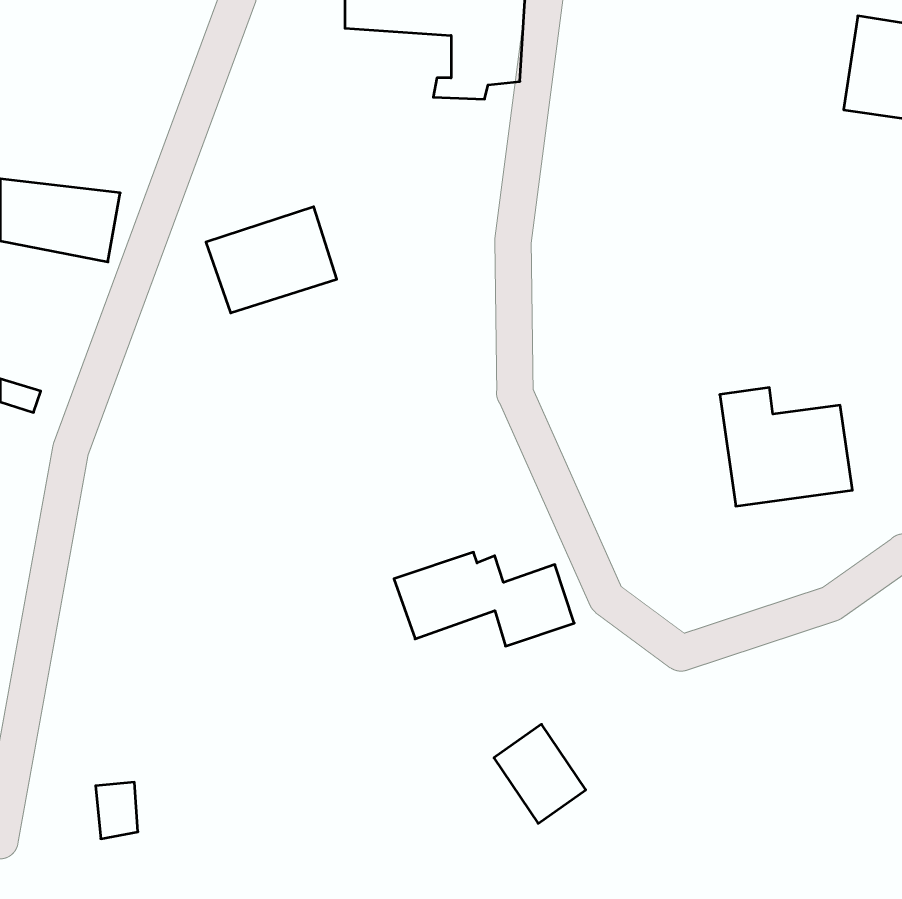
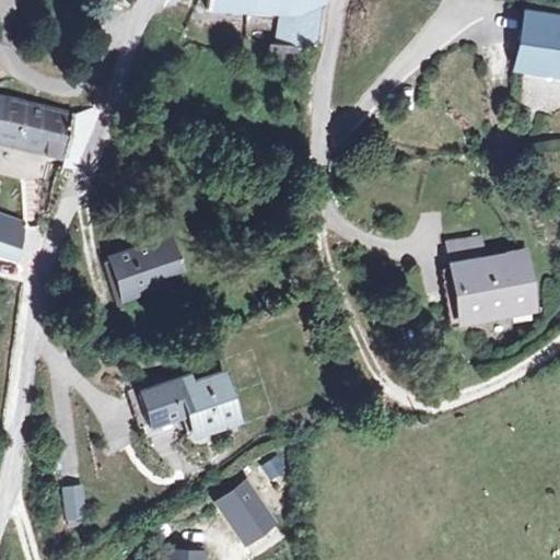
building: [206,207,337,313] -> [106,235,187,301]
building: [394,552,574,646] -> [132,375,244,433]
building: [494,724,586,823] -> [215,478,272,539]

